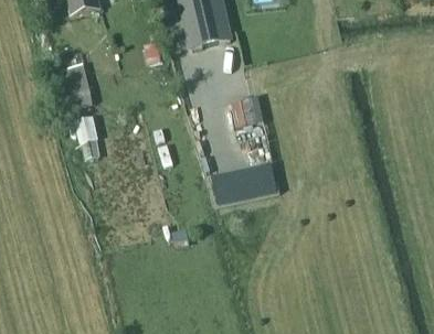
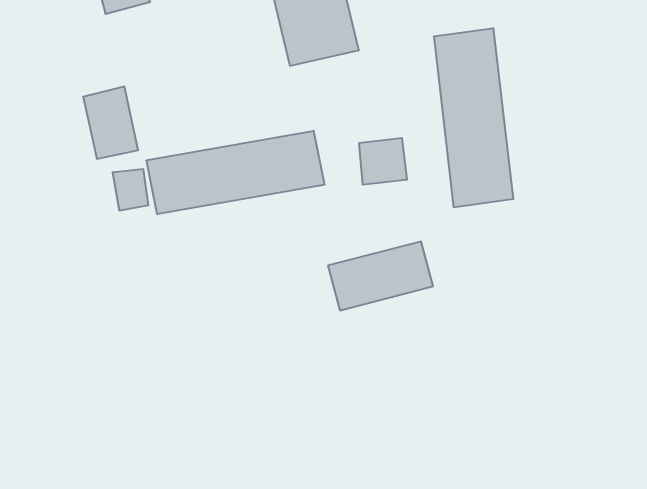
building: none -> [434,28,513,207]
building: none -> [146,131,324,214]

